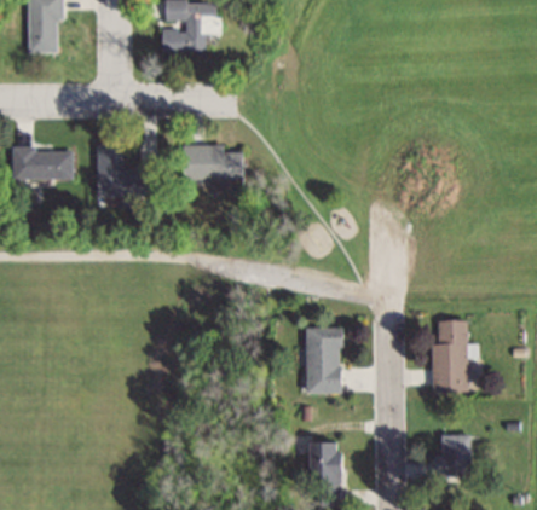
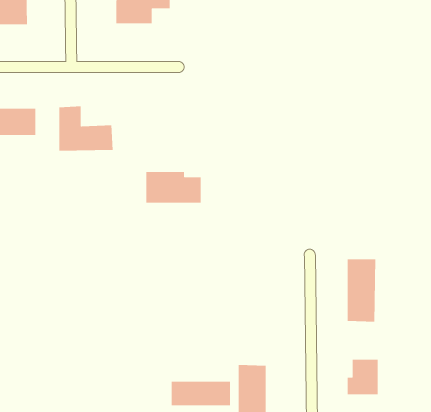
building: [183,145,247,181] -> [146,171,202,203]
building: [301,329,337,393] -> none
building: none -> [171,381,230,406]

